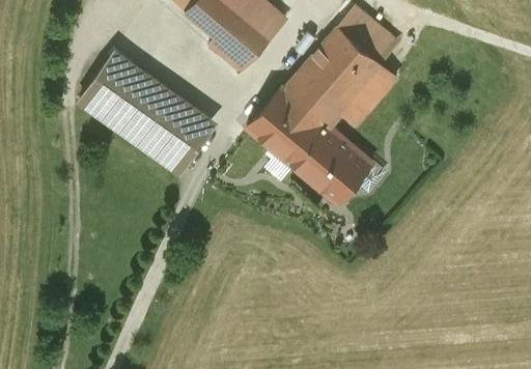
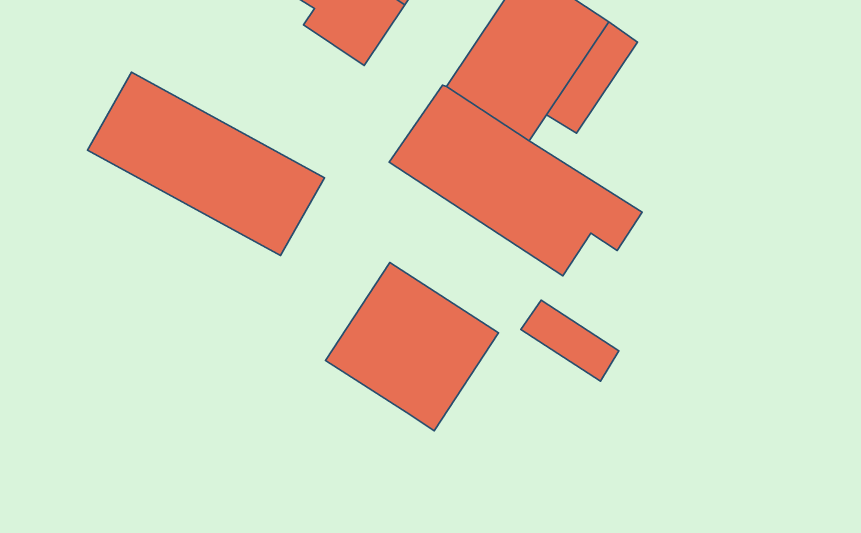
building: none -> [326,263,498,431]
building: none -> [521,300,619,381]

